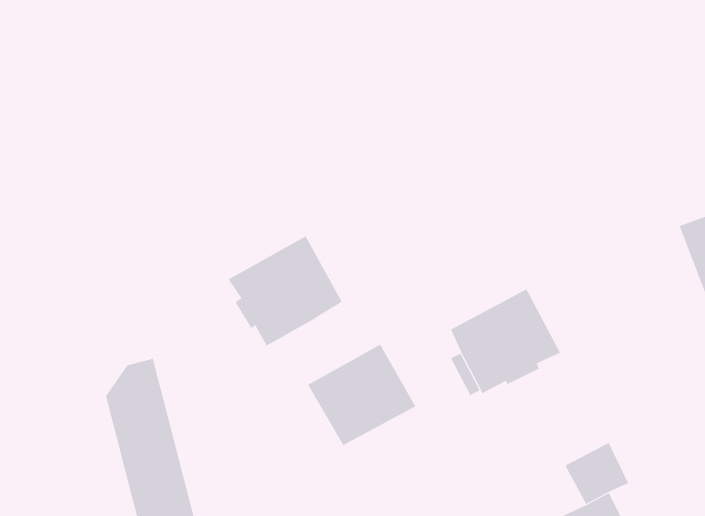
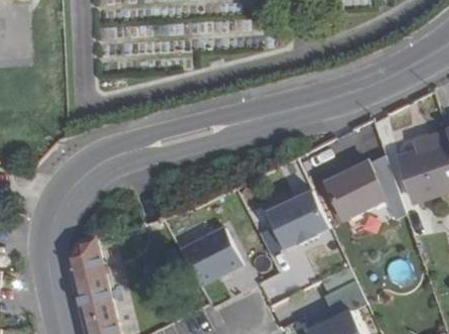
building: none -> [318,158,400,223]
building: [228,235,343,347] -> none

